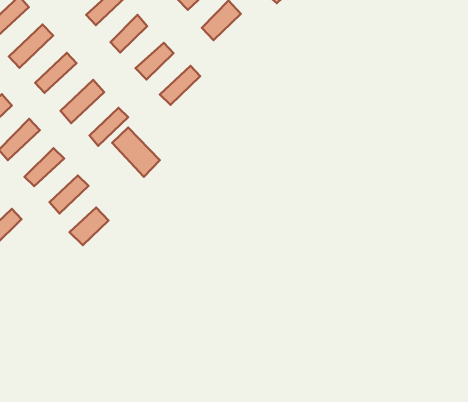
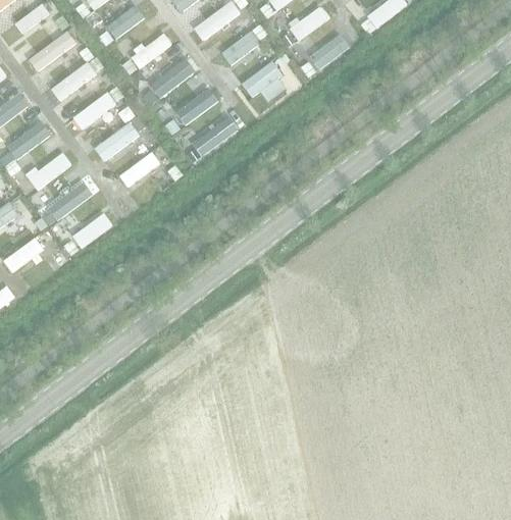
building: [112,128,160,177] -> none
building: [70,208,108,245] -> none

